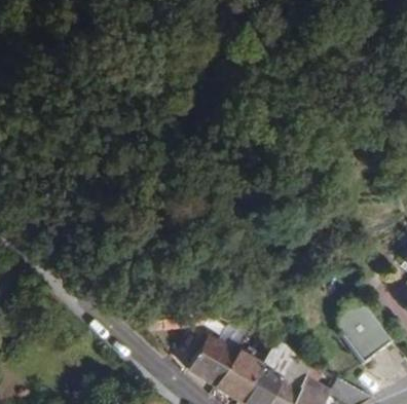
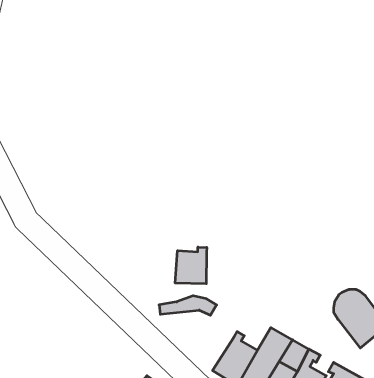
building: none -> [175,247,207,284]
building: [189,336,238,387] -> none

